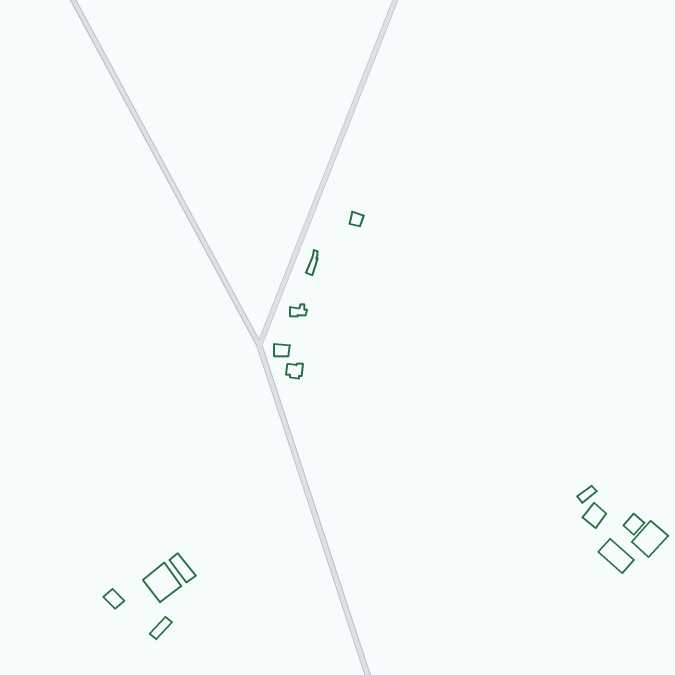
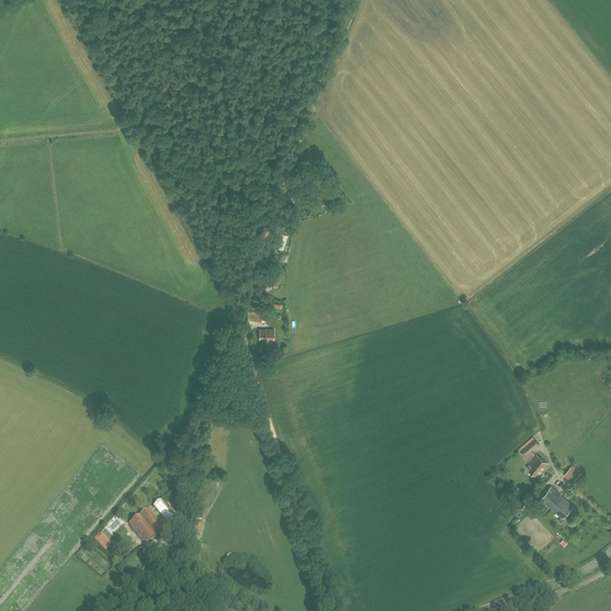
building: [632,521,668,557] -> none

